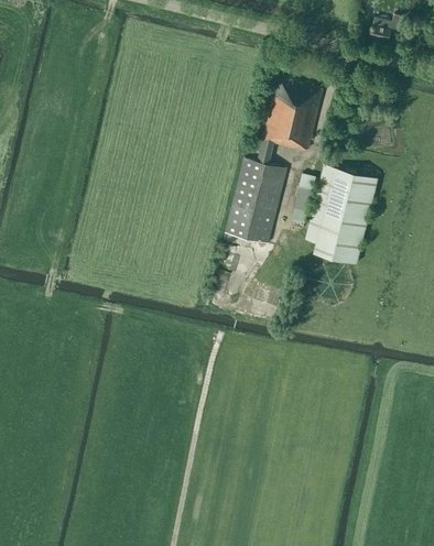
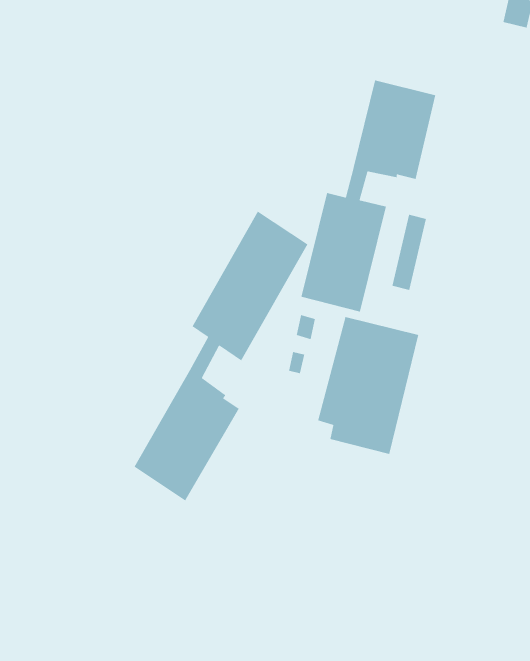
building: [305,165,378,264] -> [317,316,419,455]
building: none -> [134,211,309,501]

